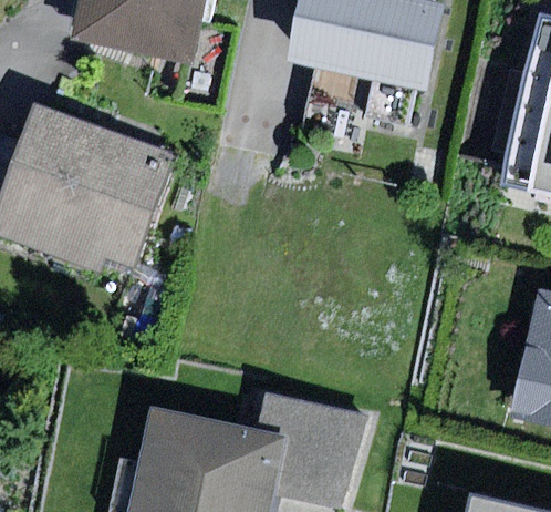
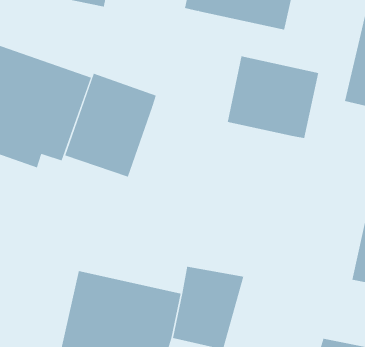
building: none -> [227,56,319,139]
building: none -> [64,73,157,177]

